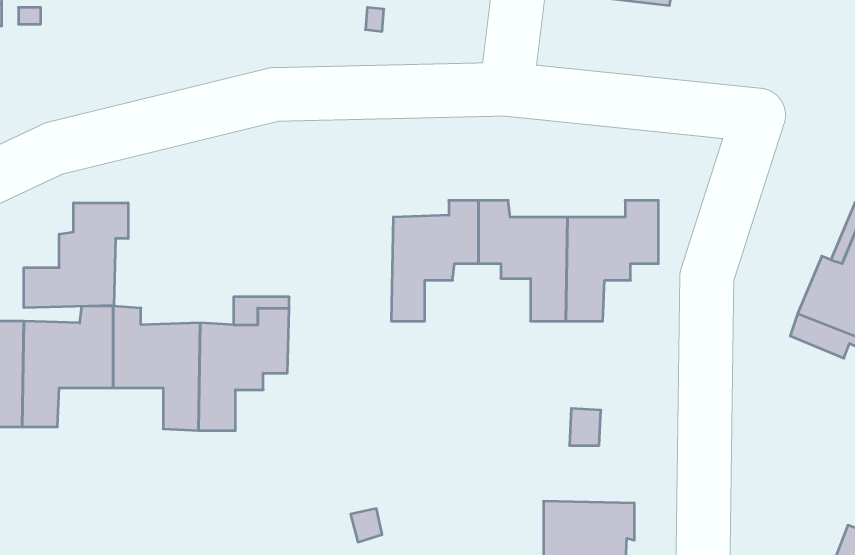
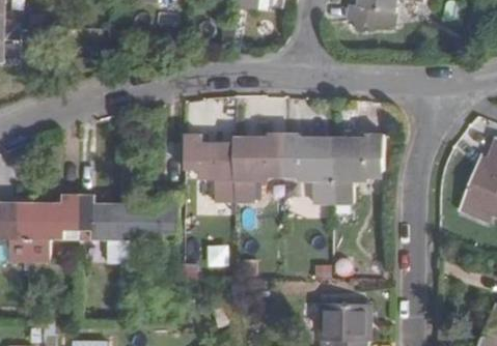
building: none -> [182,134,237,202]
building: [24,203,128,308] -> none

